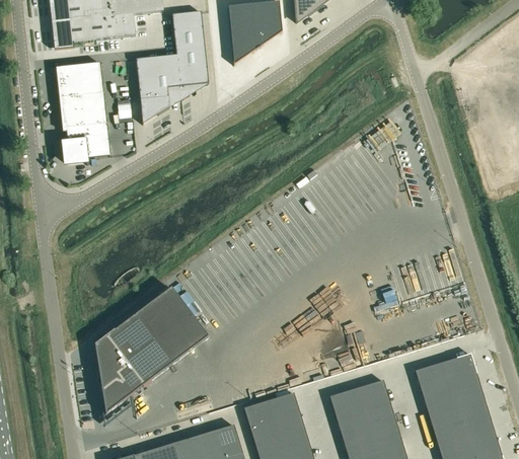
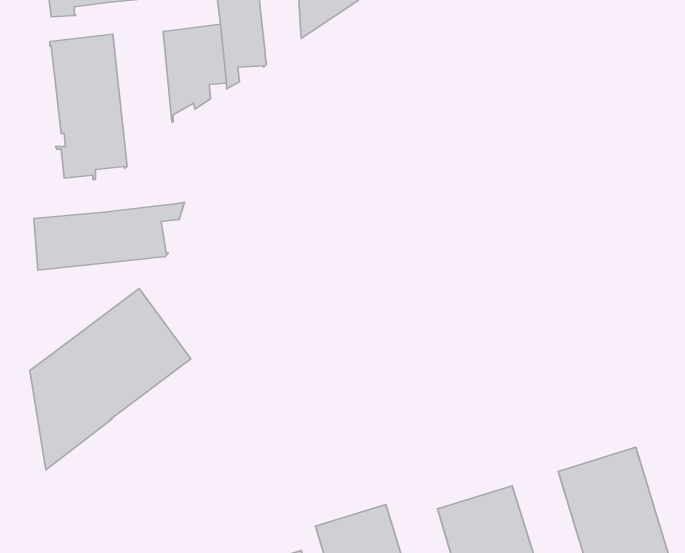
building: none -> [34,202,184,270]
building: [94,287,208,414] -> [30,288,191,470]

